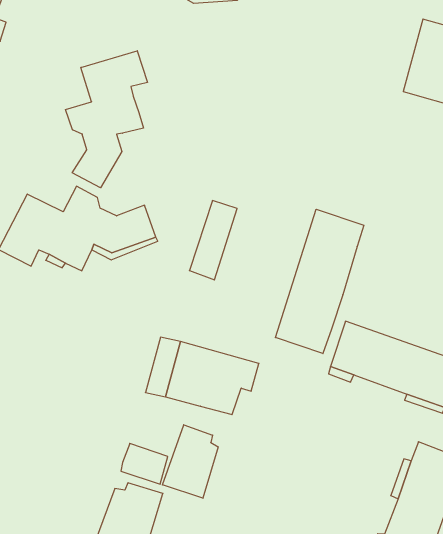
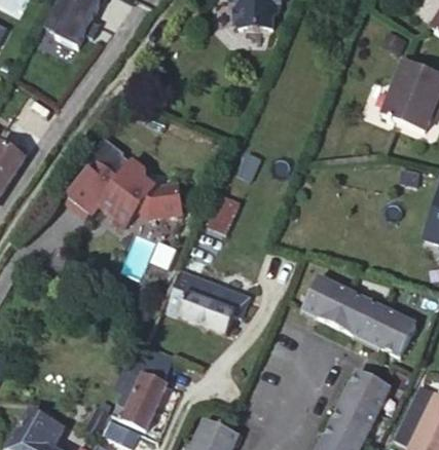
building: [66,51,147,188] -> none
building: [275,209,364,354] -> none
building: [162,425,218,498] -> none

